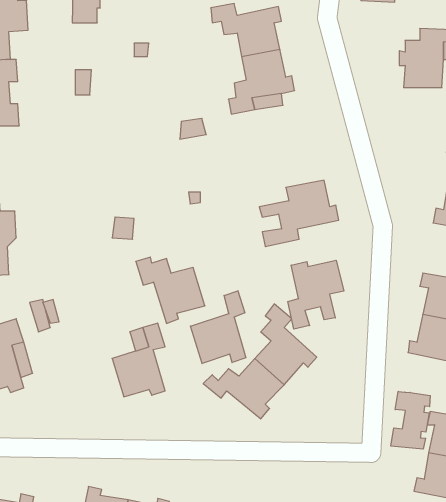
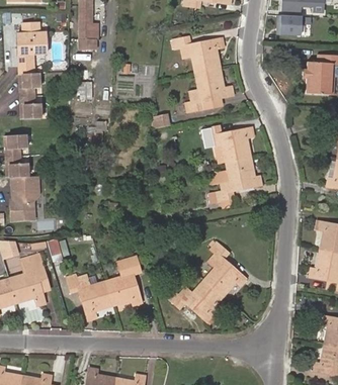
building: none -> [204,125,252,164]
building: [136,257,205,323] -> [66,273,113,318]
building: [288,260,344,329] -> none
building: [190,291,246,364] -> none
building: [391,391,430,449] -> none

